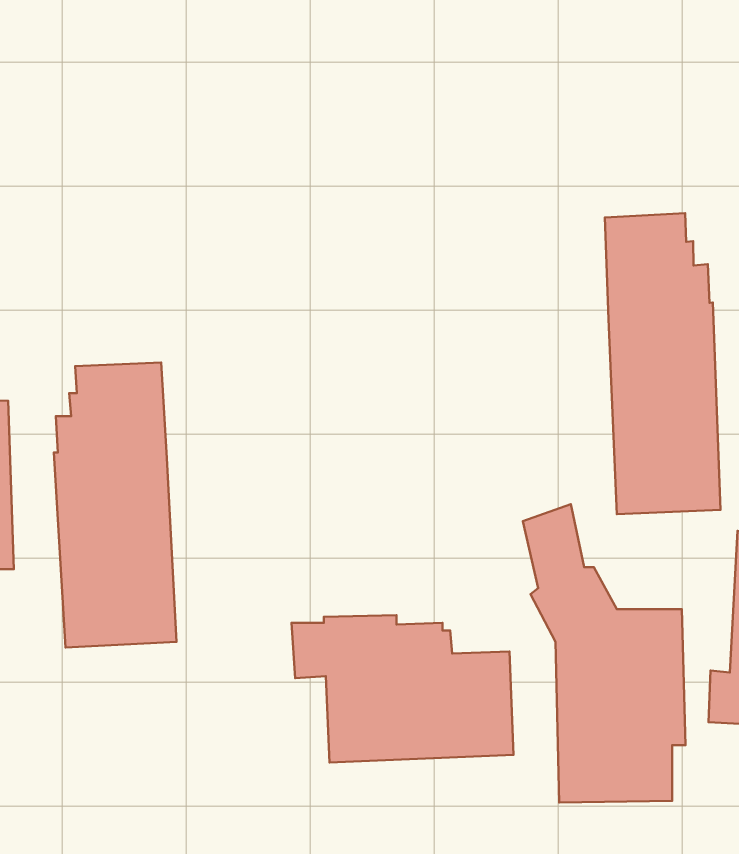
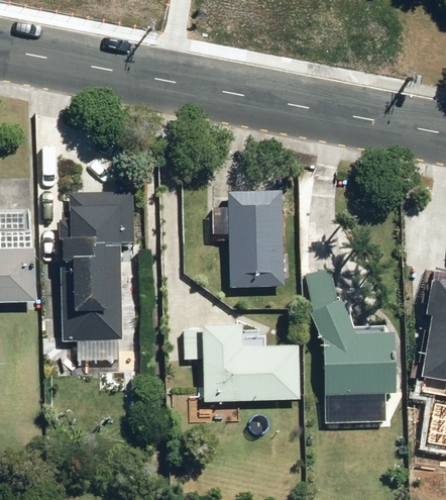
building: [605,213,720,514] -> none
building: none -> [224,189,285,287]

